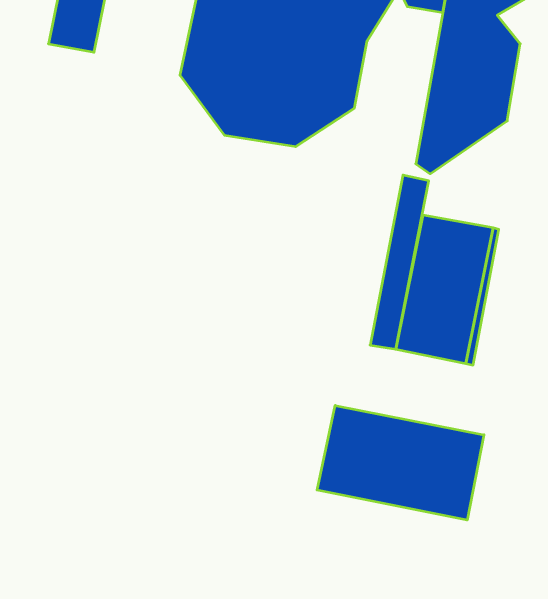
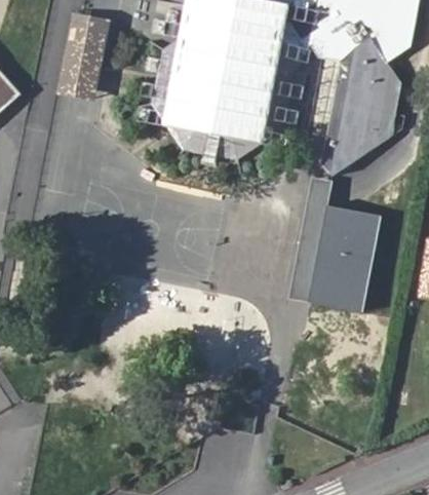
building: [317,405,484,520] -> none

